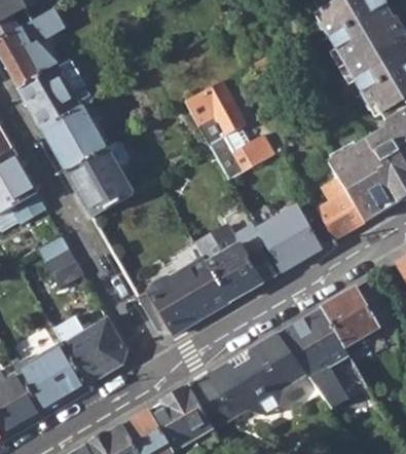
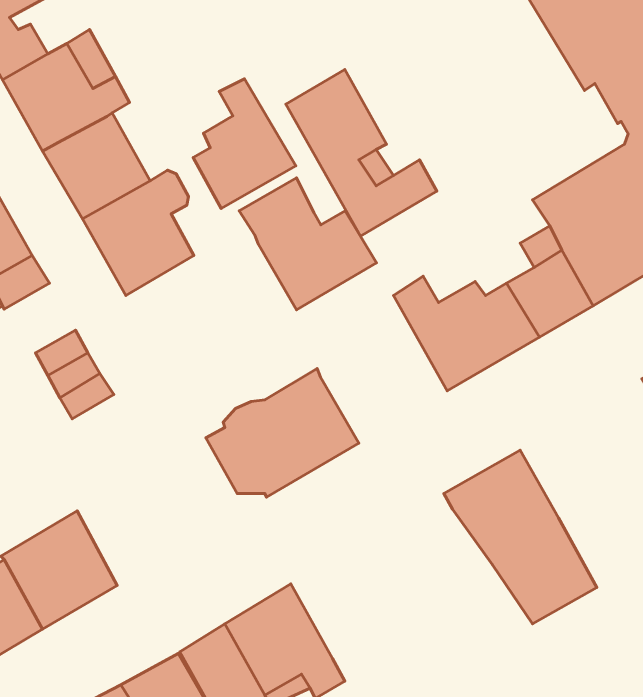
building: none -> [193,79,296,208]
building: [194,223,275,301] -> [239,178,376,310]
building: [324,283,380,345] -> none
building: [62,314,126,385] -> none
building: [188,331,307,428] -> none

